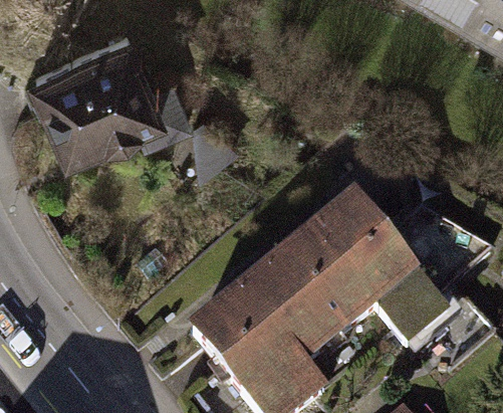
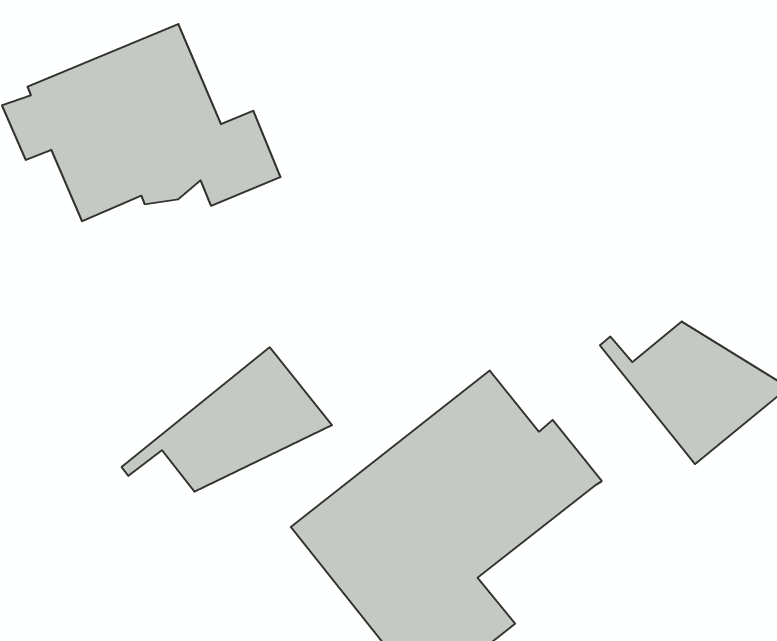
building: [311,199,446,341] -> none
building: none -> [122,347,332,492]

